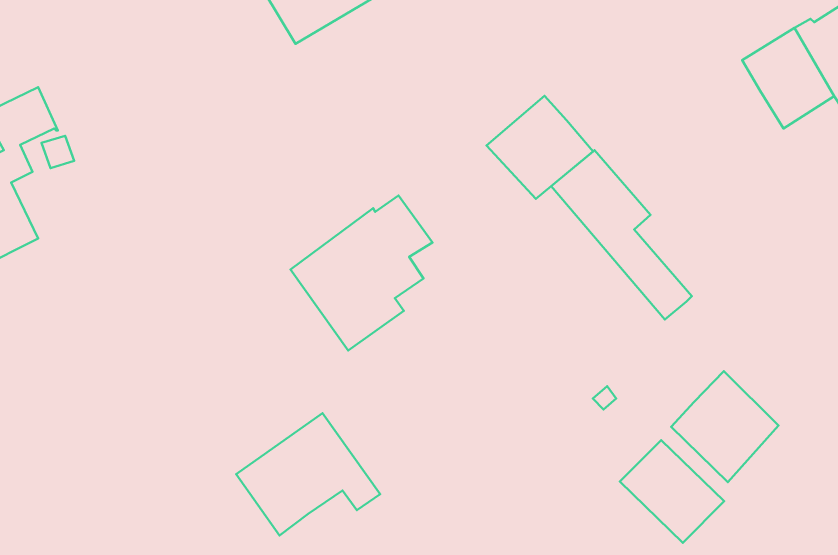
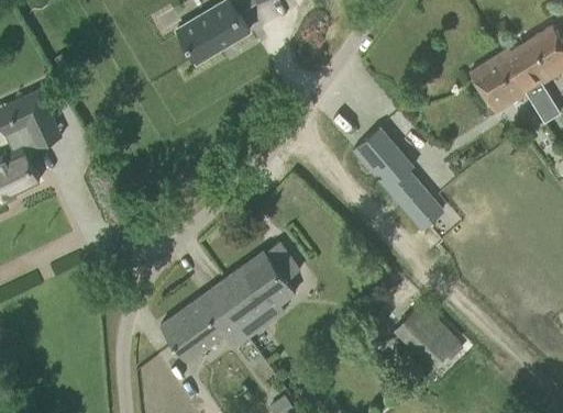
building: [486,96,593,199] -> none
building: [290,196,433,350] -> [213,243,300,337]
building: [671,371,779,482] -> none

